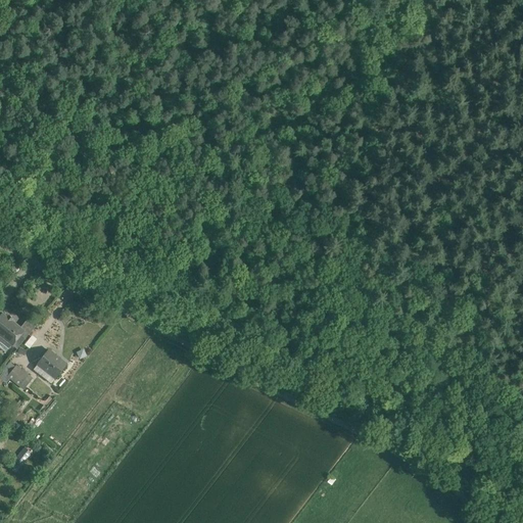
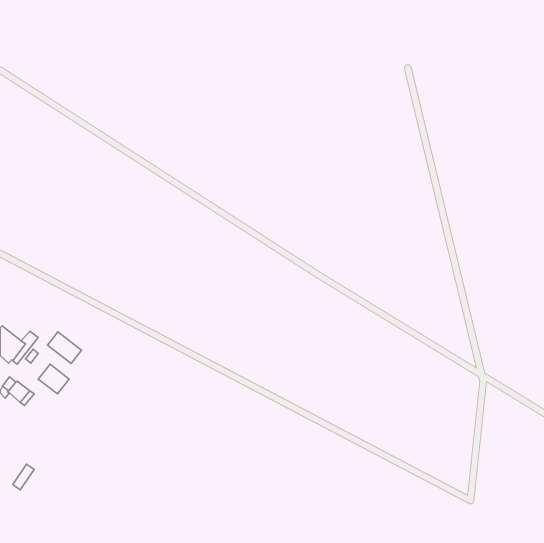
building: none -> [48,332,81,363]

